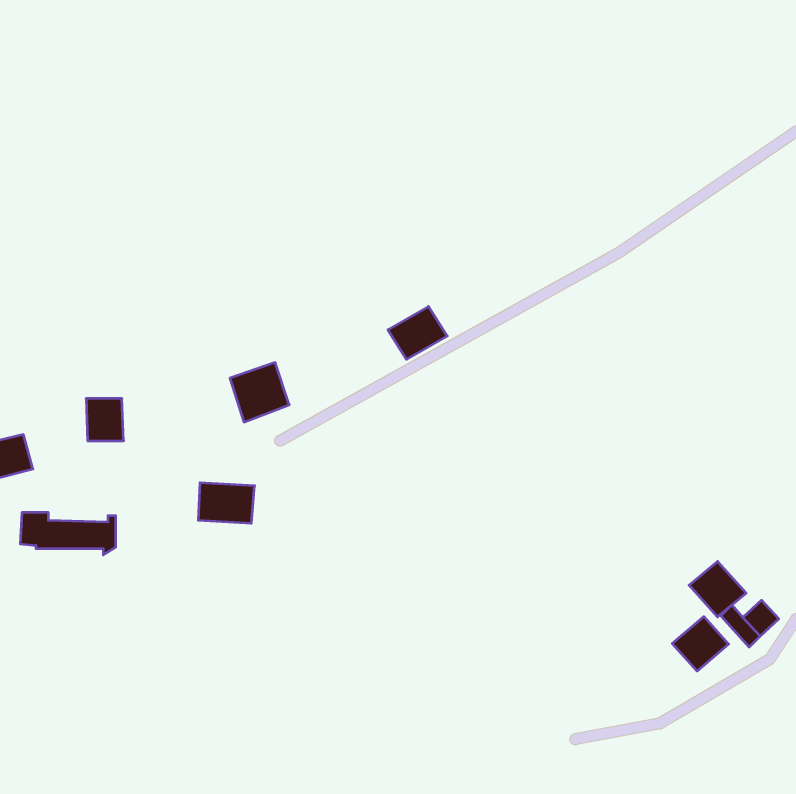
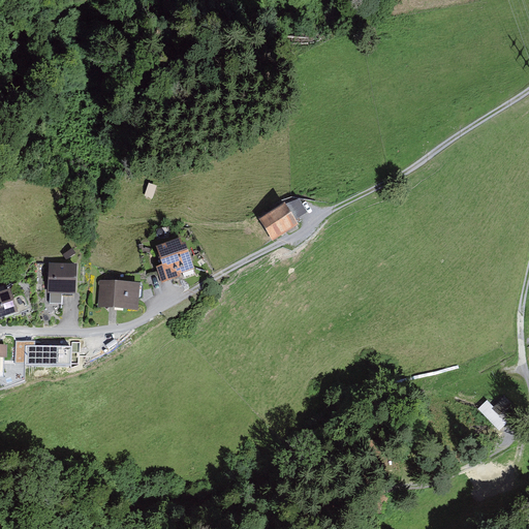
building: [198,483,255,523] -> [97,280,134,307]
building: [689,561,746,617] -> none
building: [672,617,729,671] -> none

